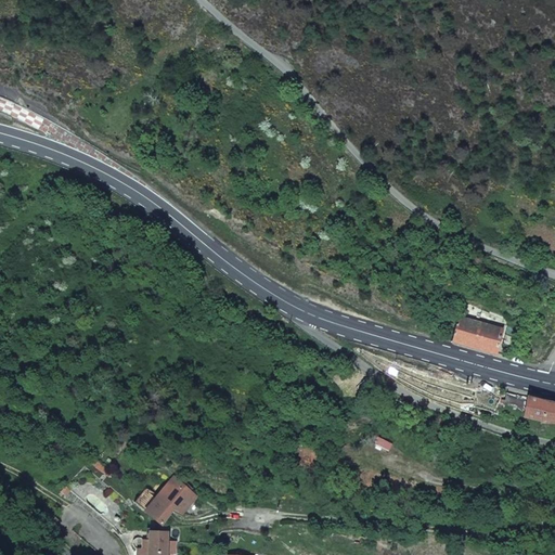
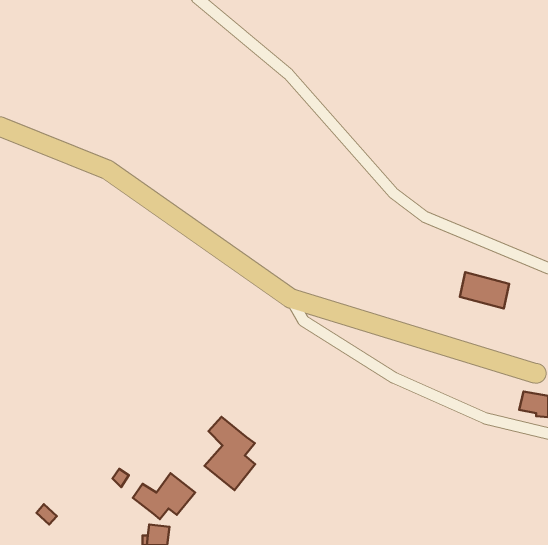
building: [452,315,502,352] -> [460,272,509,309]
building: none -> [204,417,255,490]

